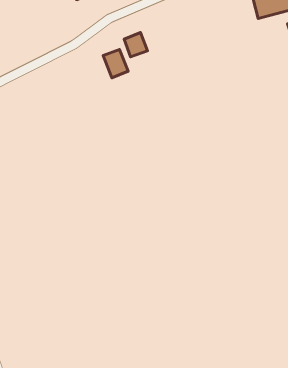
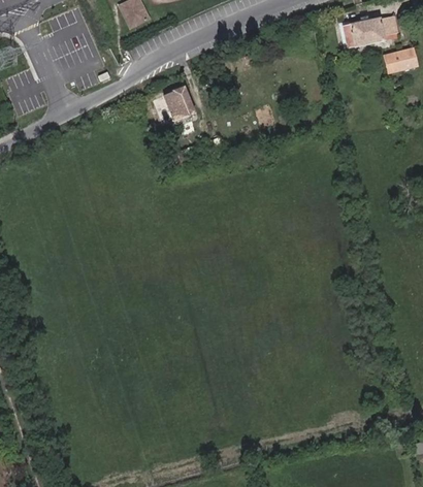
building: [124,33,148,57] -> none

